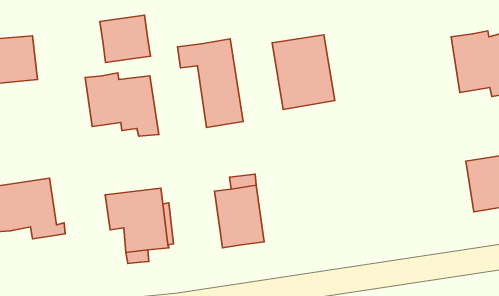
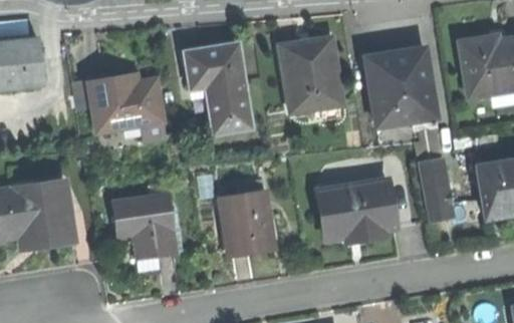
building: [100,15,150,62] -> none
building: none -> [368,48,437,129]
building: none -> [420,158,453,222]
building: none -> [318,181,396,239]

